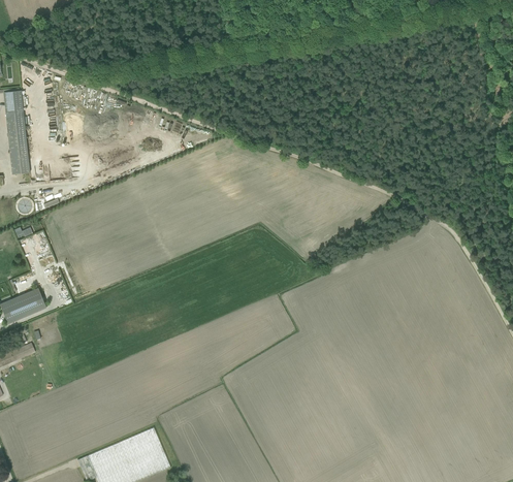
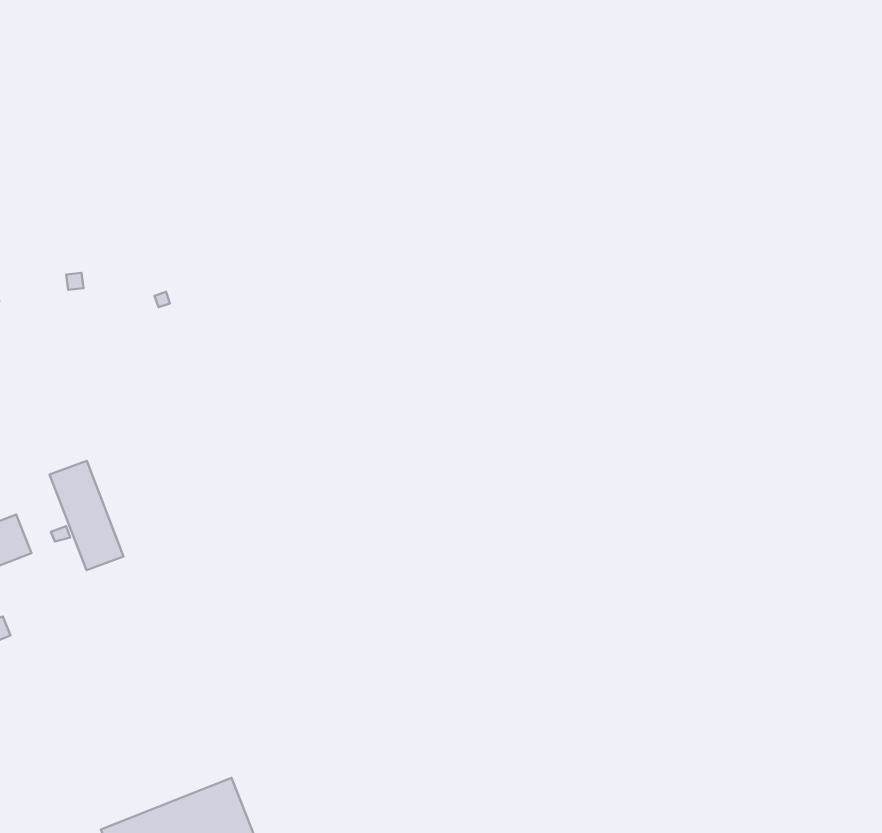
building: none -> [50,461,124,570]

